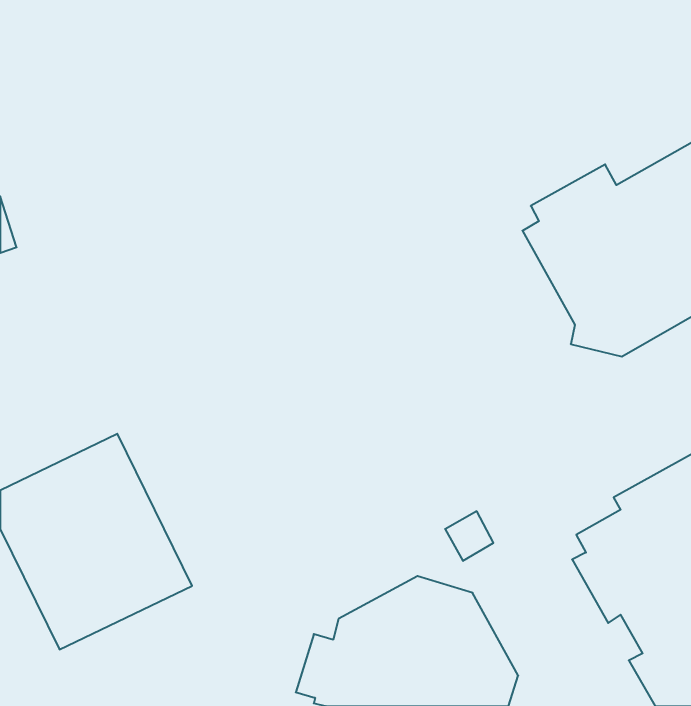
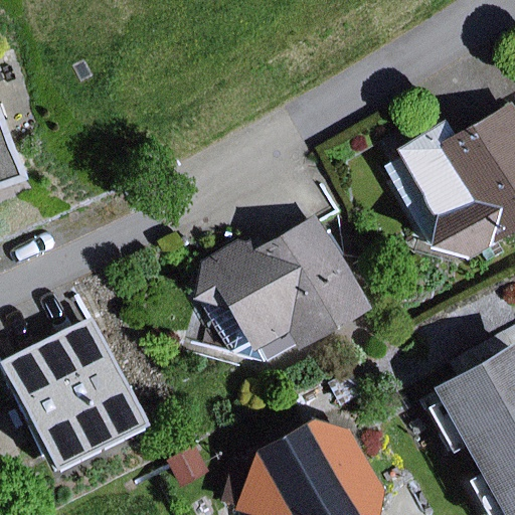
building: none -> [193,216,369,363]

